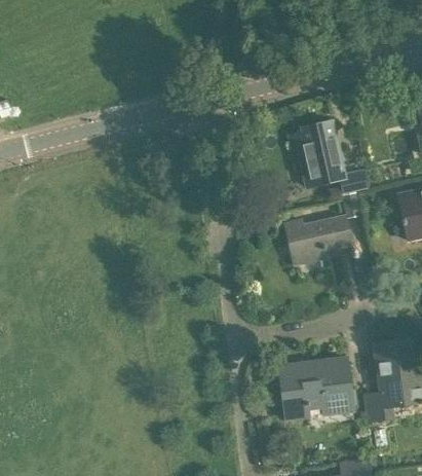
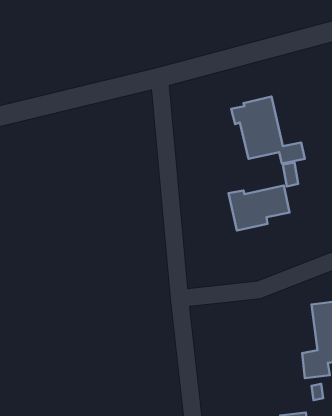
building: [279,357,353,419] -> none

